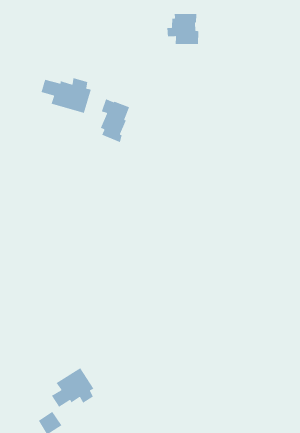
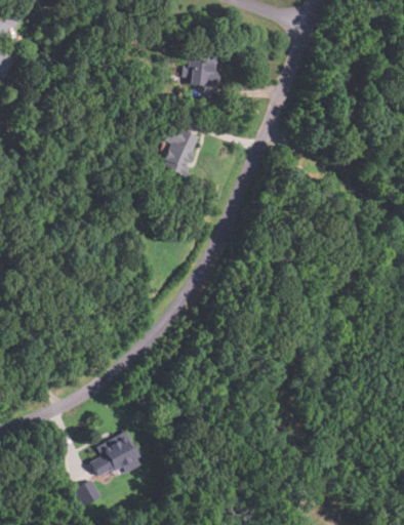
building: [167,13,199,45] -> [183,50,219,87]
building: [40,77,92,114] -> none

